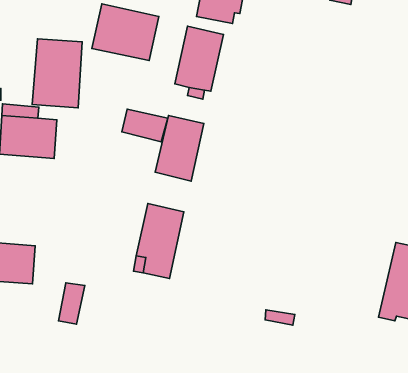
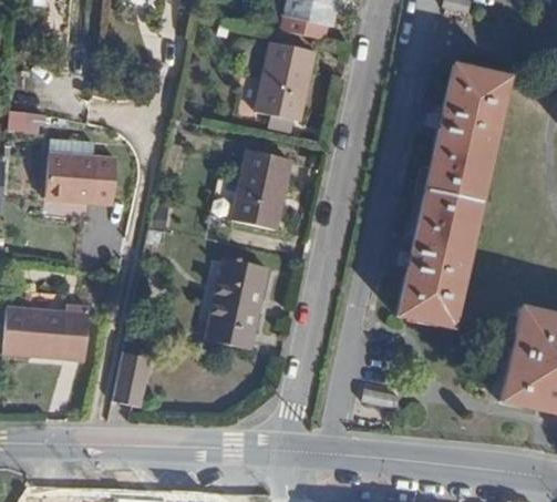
building: [92,4,159,60] -> none
building: [32,39,82,108] -> none
building: none -> [400,69,509,331]
building: [122,109,168,142] -> none

